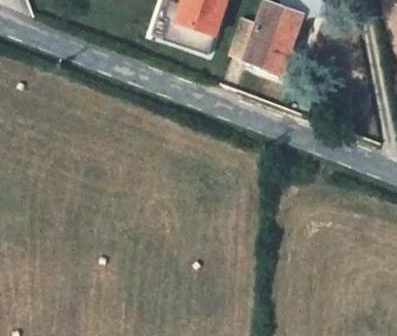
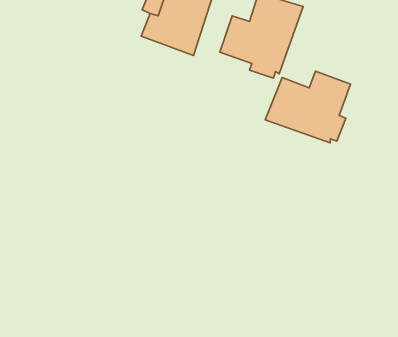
building: none -> [265,71,350,143]

